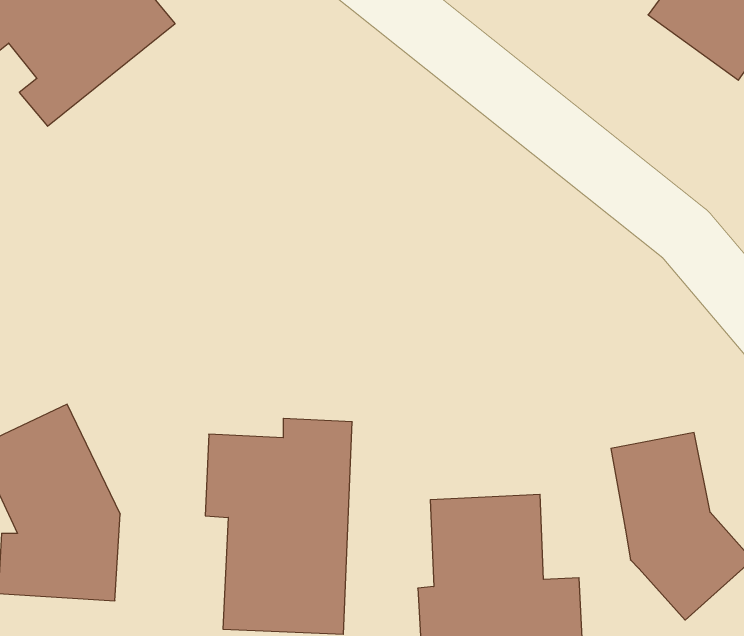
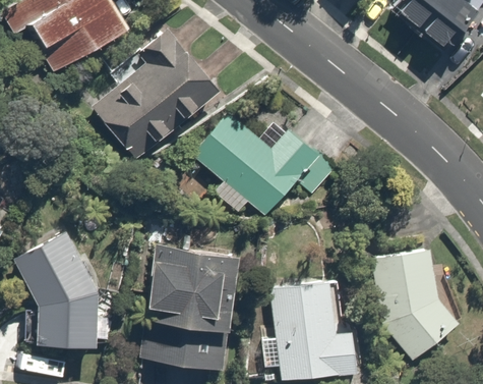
building: none -> [92,33,226,170]
building: none -> [194,114,335,219]

